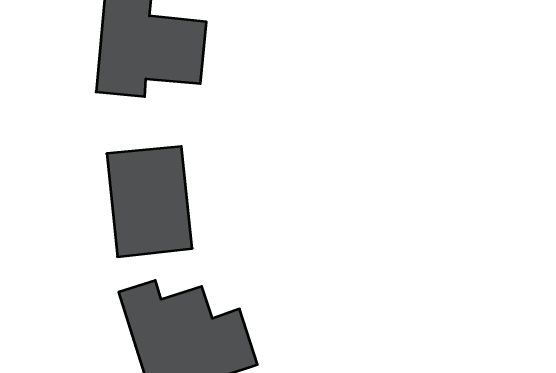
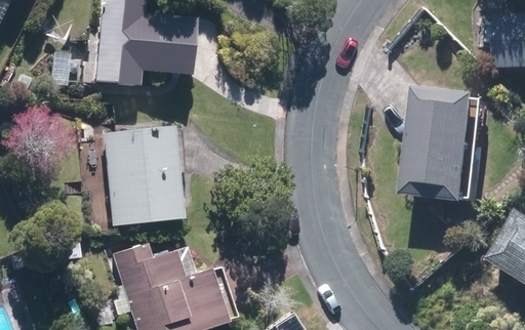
building: none -> [412,89,484,202]

